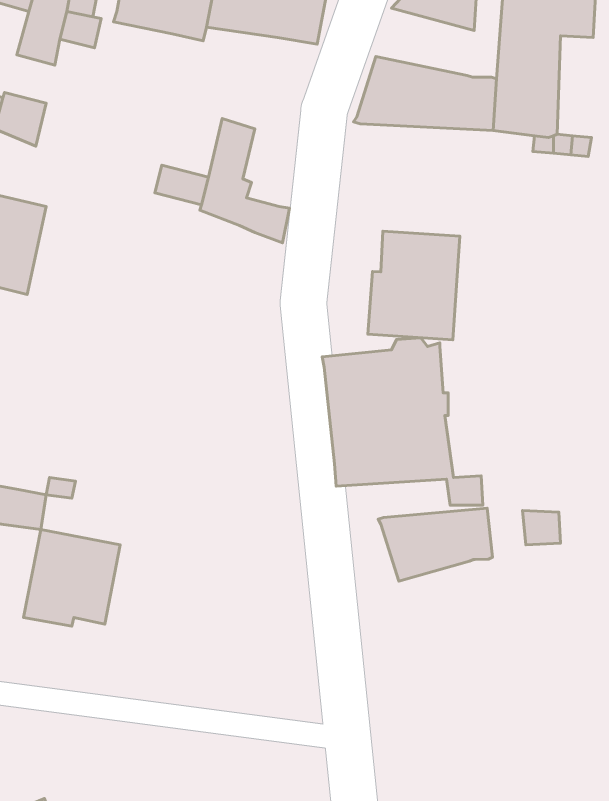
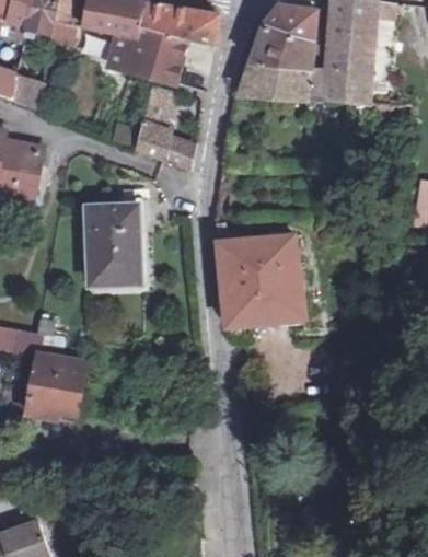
building: none -> [251,22,319,66]
building: none -> [115,34,188,85]
building: [368,231,460,340] -> none
building: none -> [85,206,142,286]
building: [378,508,492,581] -> none

